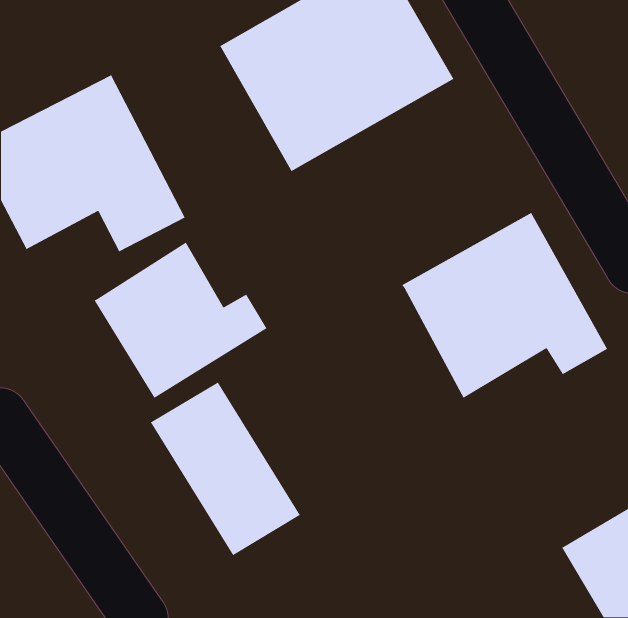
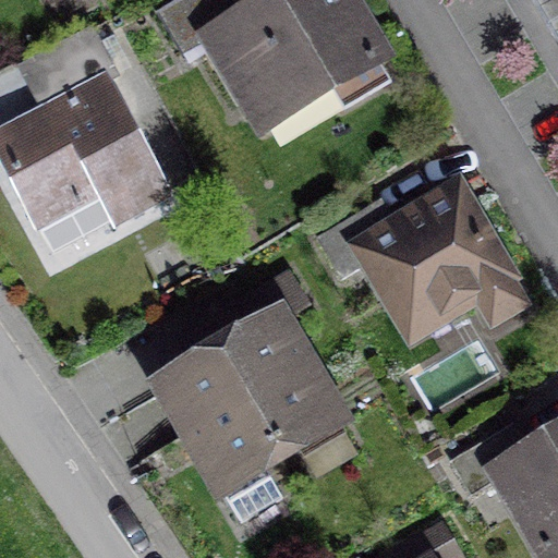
building: [93,241,268,399] -> none
building: none -> [196,265,342,453]

